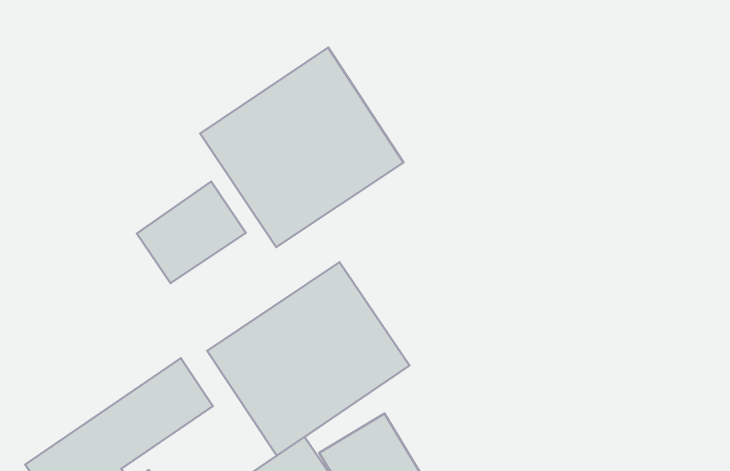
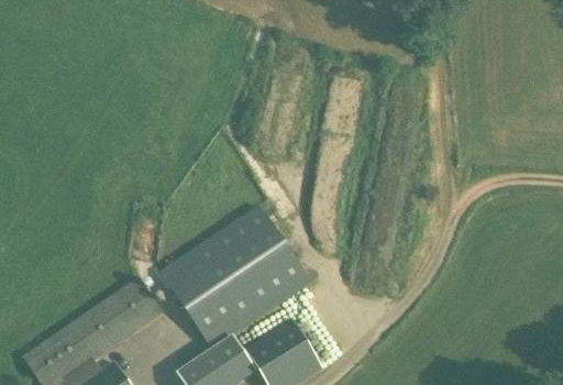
building: [200,48,403,247] -> none
building: [137,181,246,283] -> none

